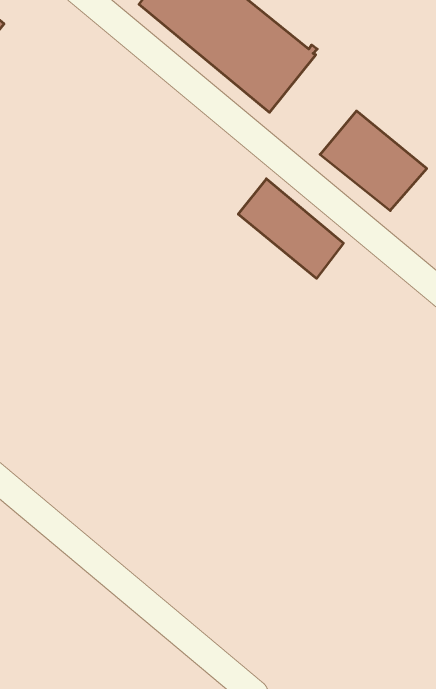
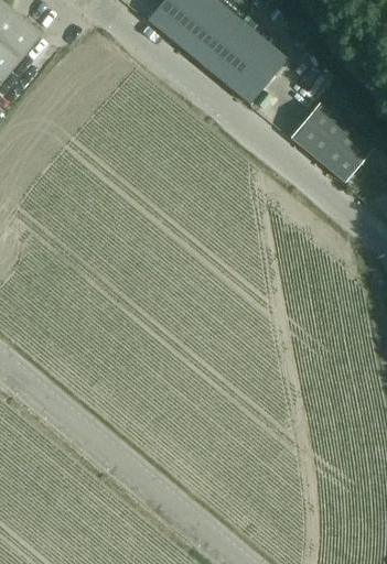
building: [238,179,343,278] -> none

